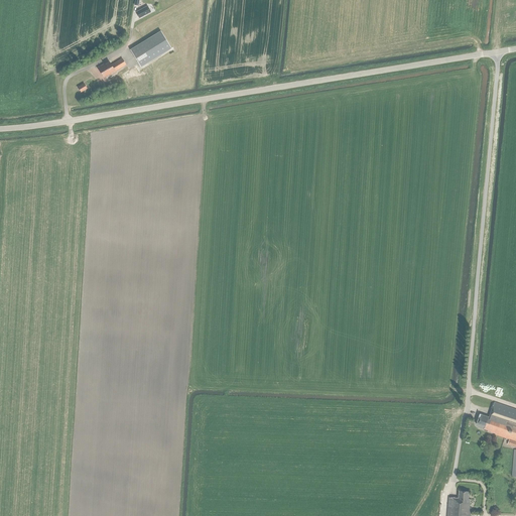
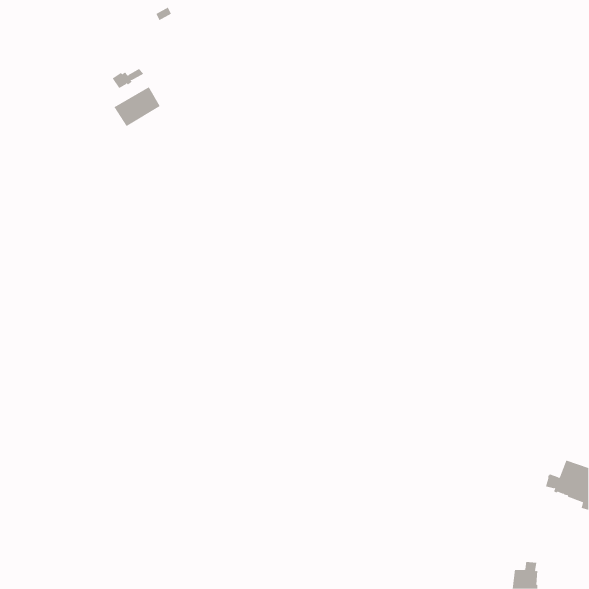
building: [130,31,171,67] -> [113,86,161,127]

